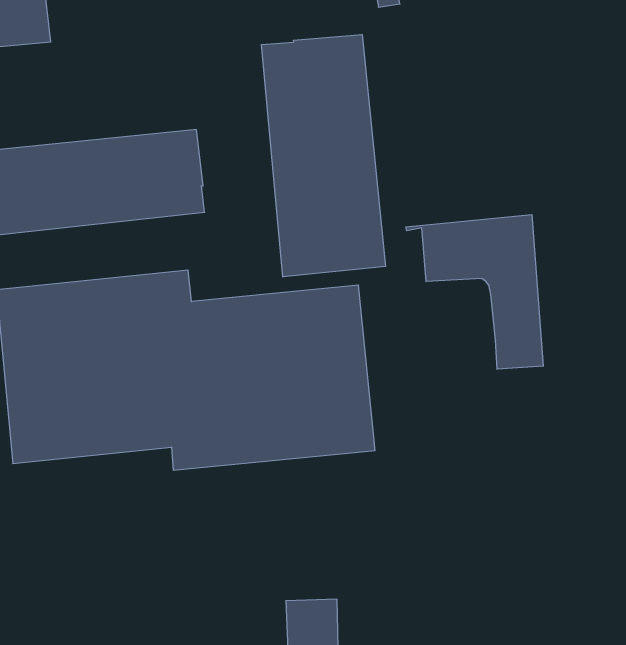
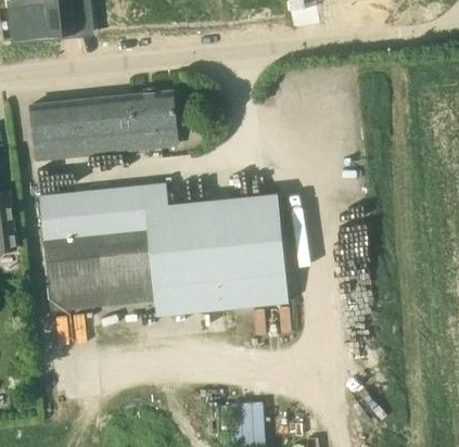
building: [261,34,385,277] -> none
building: [406,215,543,369] -> none

